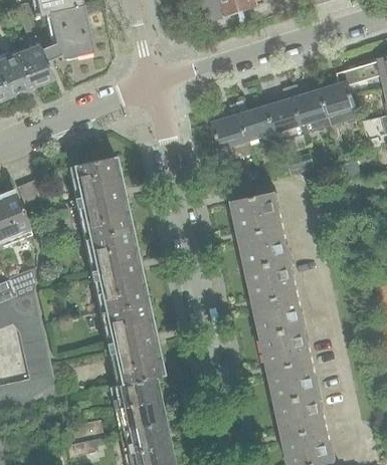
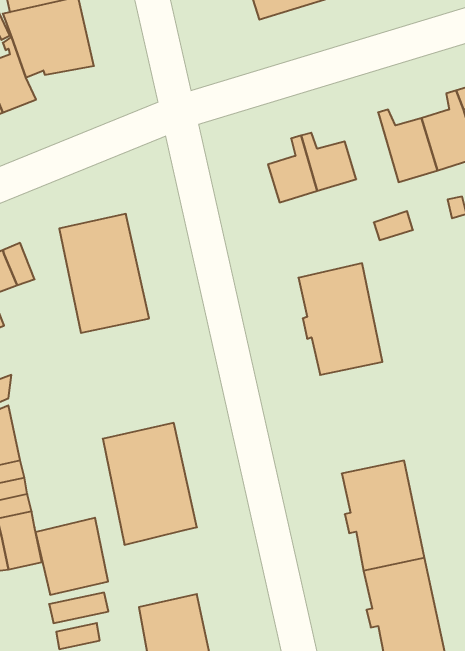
building: [265,86,303,142] -> none
building: [82,229,147,312] -> none
building: [248,259,307,336] -> none
building: [113,376,163,429] -> [36,518,108,595]

